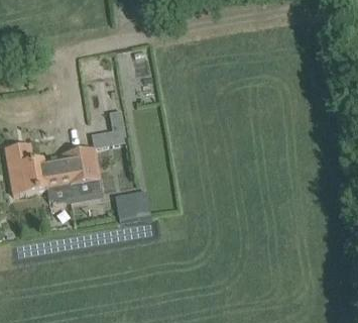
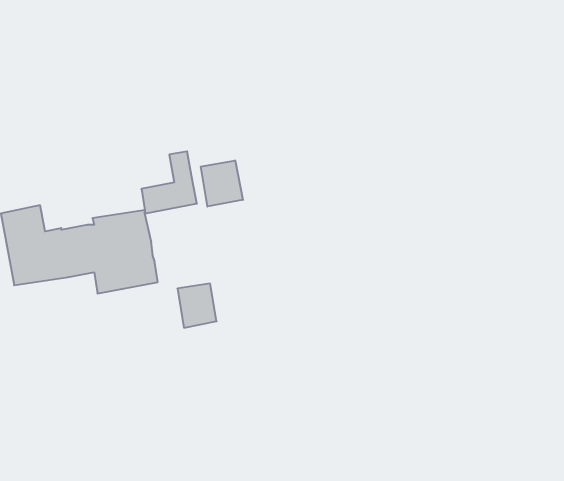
building: none -> [201,160,243,207]

